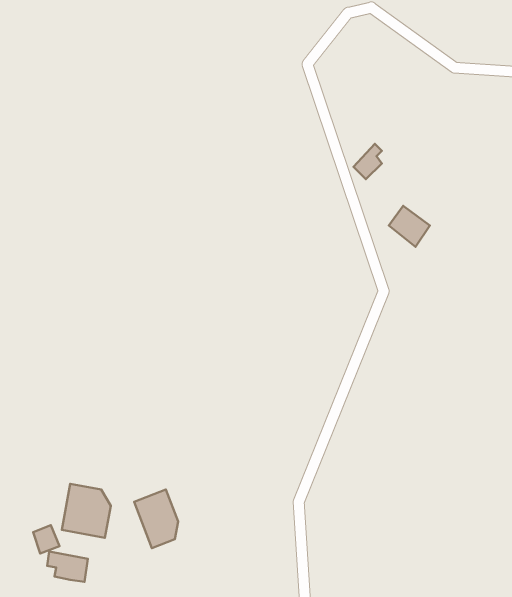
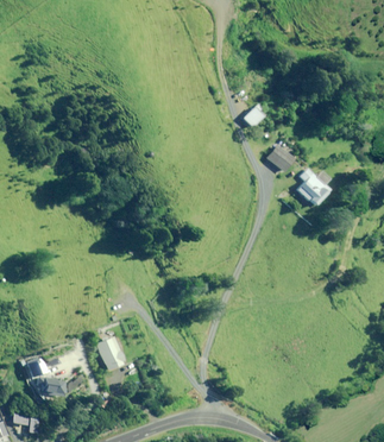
building: none -> [298,169,331,206]
building: [62,484,111,538] -> none

